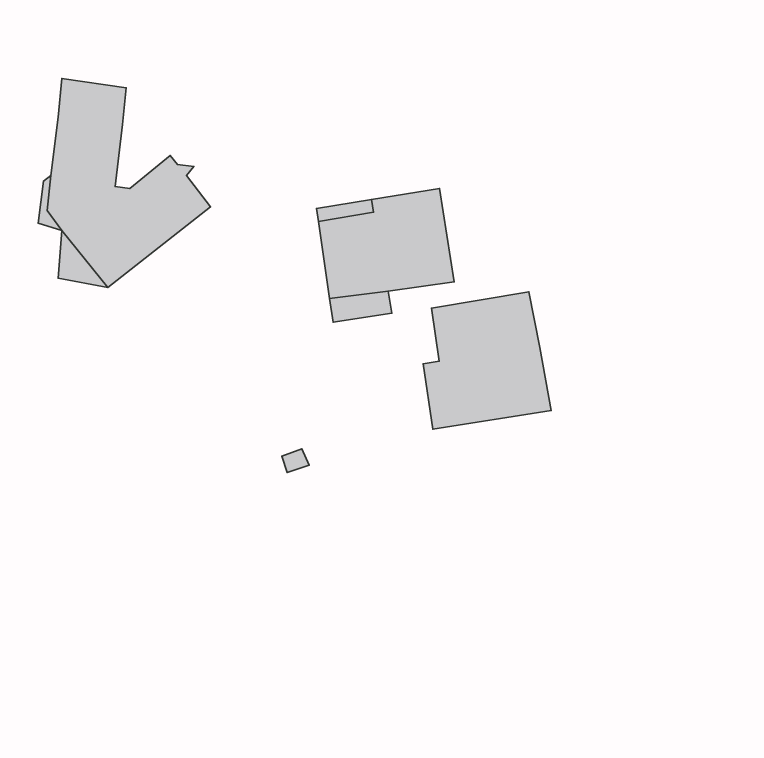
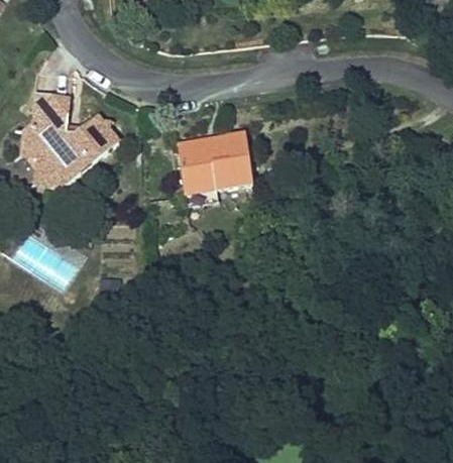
building: [423,292,551,429] -> none

